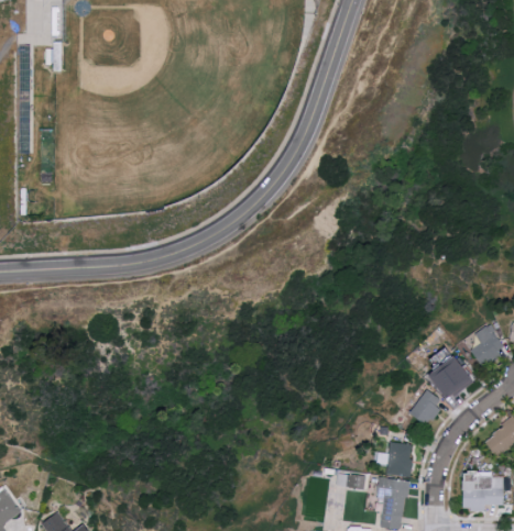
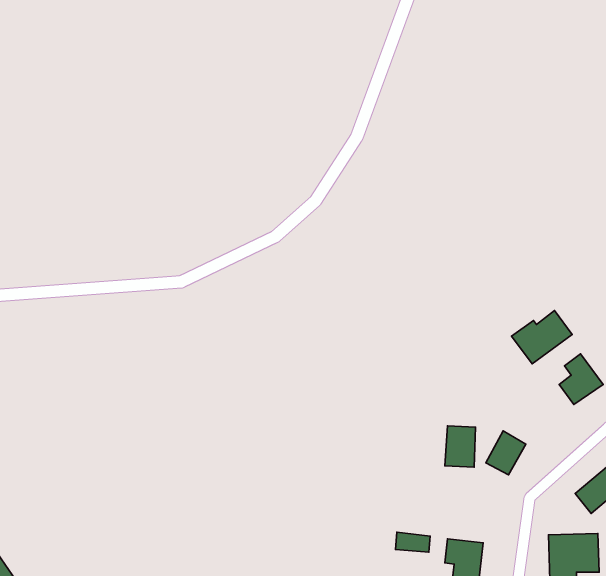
building: none -> [512,310,572,364]
building: [431,355,474,398] -> none
building: [386,442,412,476] -> [445,426,476,467]

